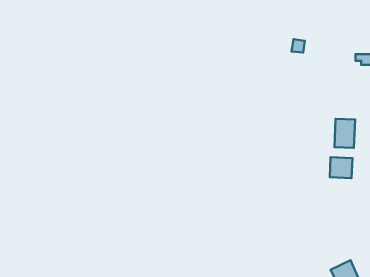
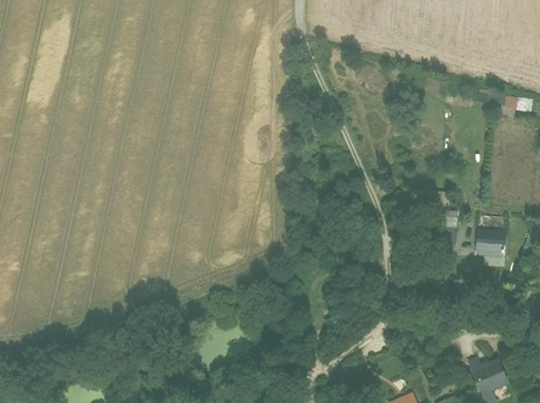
building: [334,119,355,148] -> none

